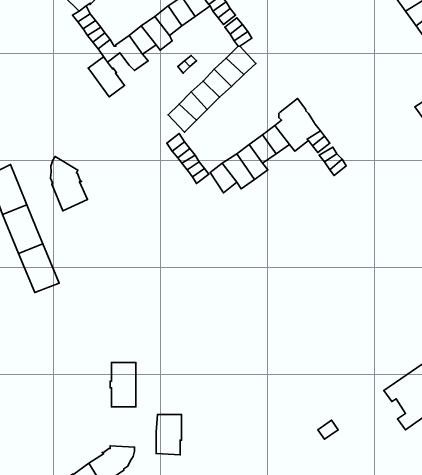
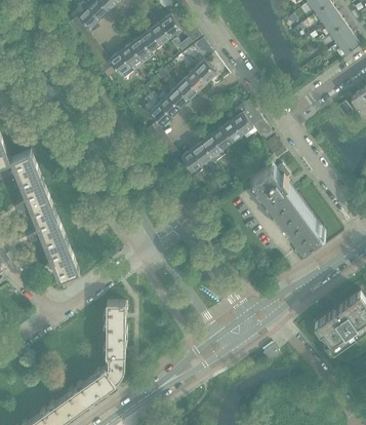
building: [88,57,125,97] -> none
building: [50,157,87,211] -> none
building: none -> [251,161,322,246]
building: none -> [47,241,77,279]
building: [156,414,182,455] -> [105,336,124,366]

